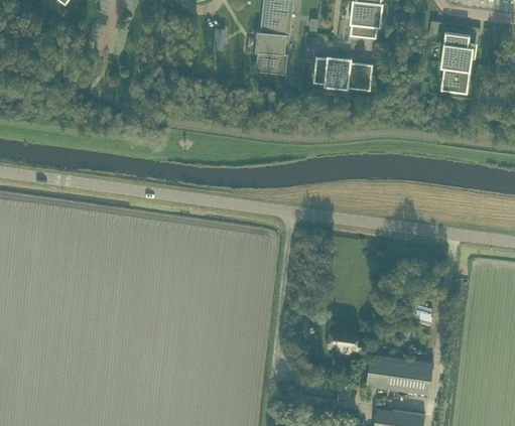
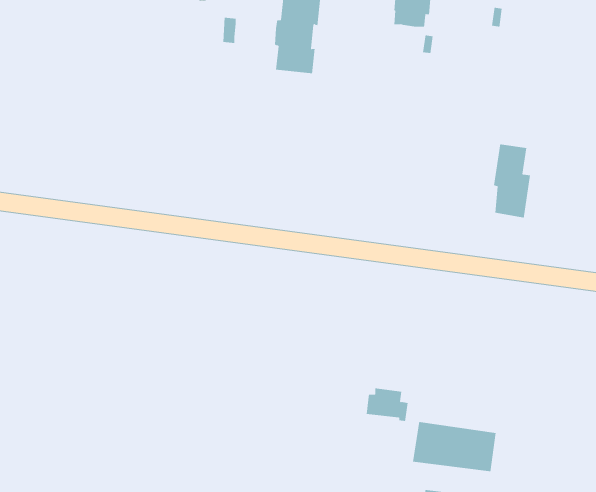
building: [440,32,471,92] -> [493,144,531,218]
building: [313,57,371,90] -> none

